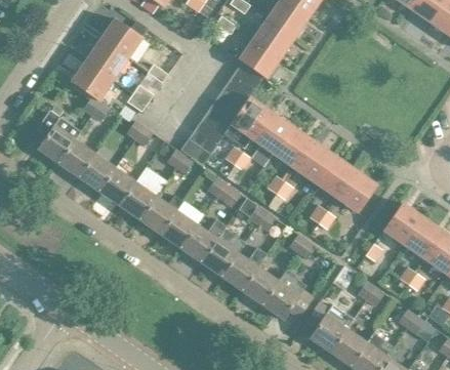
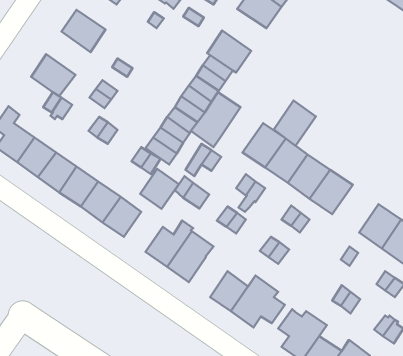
building: [253,17,295,57] -> none
building: [86,39,128,80] -> none
building: [252,111,292,154] -> [274,100,316,146]
building: [160,210,197,248] -> [140,169,179,209]
building: [221,247,267,291] -> none

